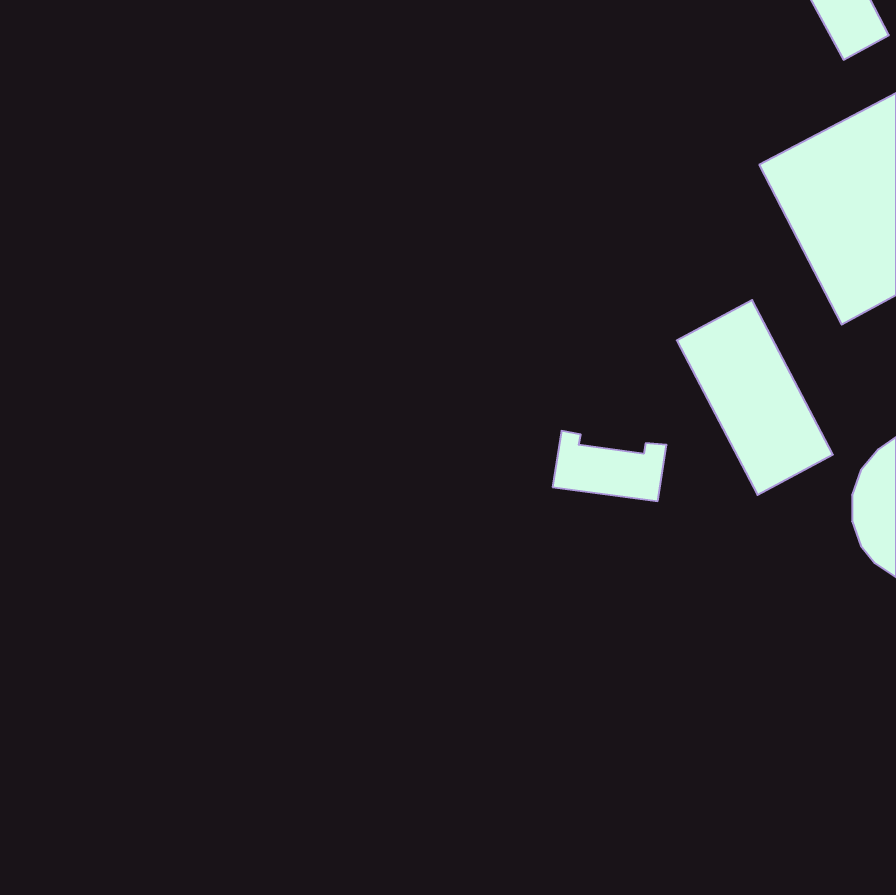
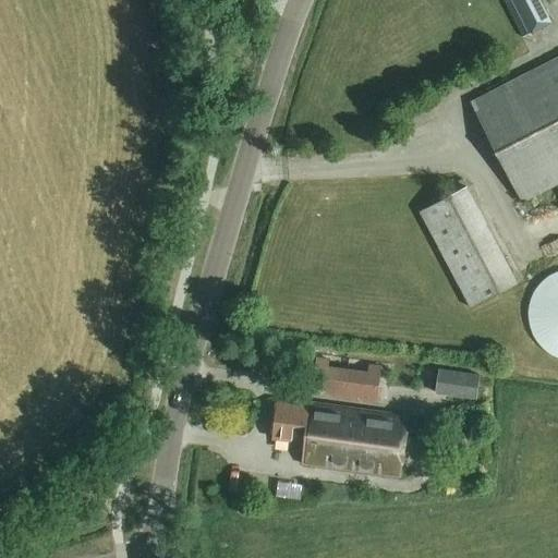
building: [553,431,667,501] -> [312,357,383,401]
building: none -> [436,368,480,399]
building: none -> [274,401,409,476]

